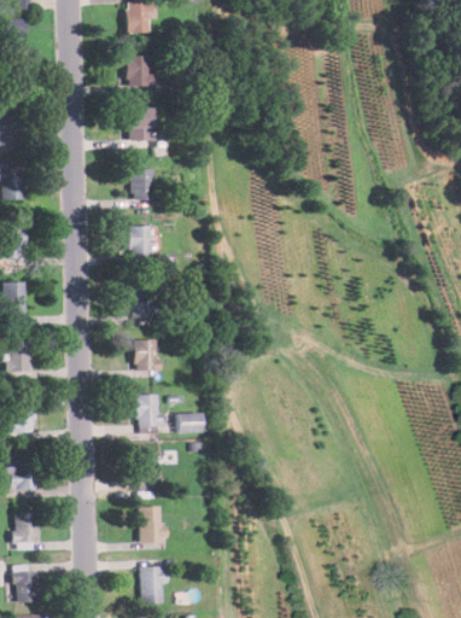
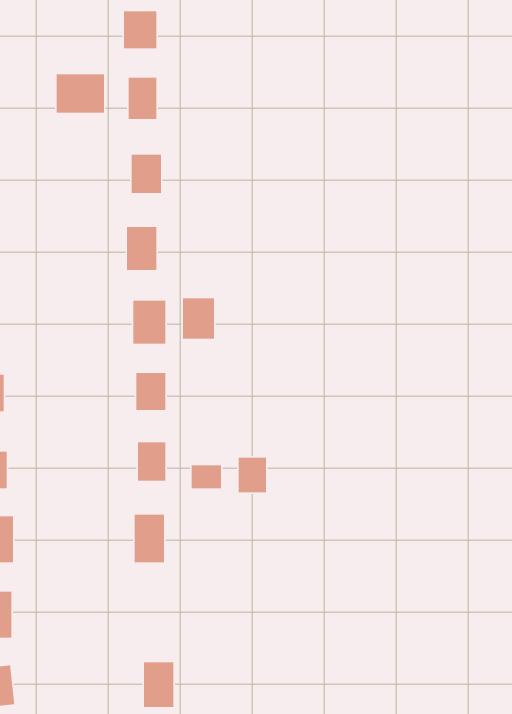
building: none -> [56,74,105,113]
building: none -> [182,298,215,340]
building: none -> [238,457,267,493]
building: [139,507,167,543] -> none

